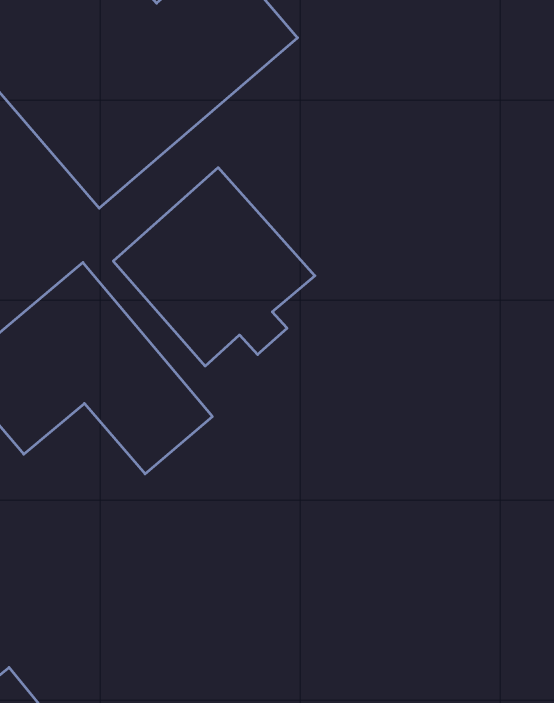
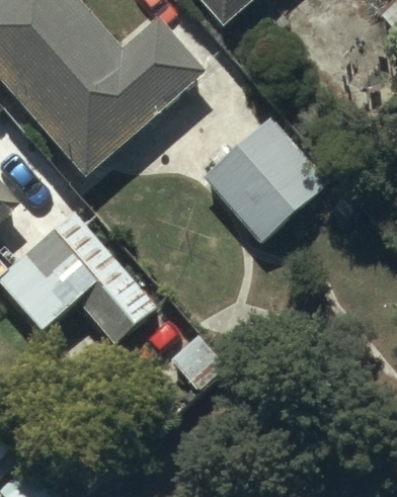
building: [113,168,315,366] -> [204,117,328,240]

